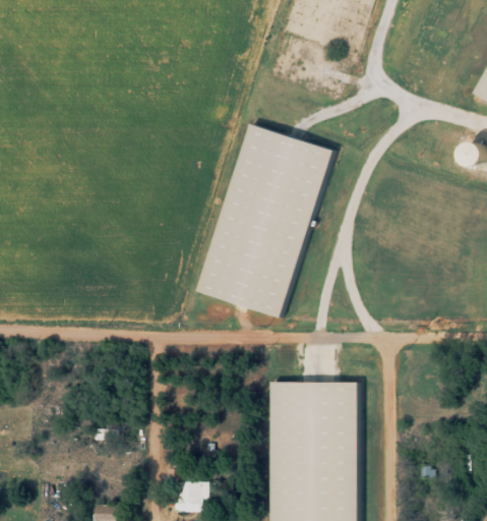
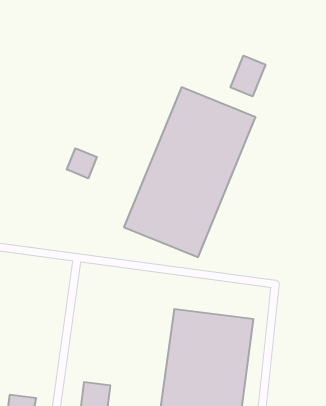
building: none -> [231,56,265,96]
building: none -> [67,148,97,178]

